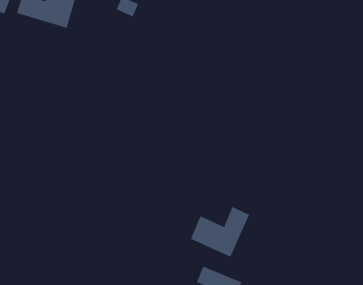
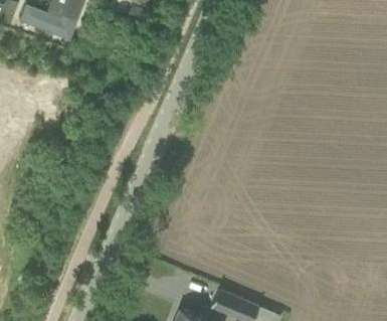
building: [190,206,250,258] -> none

